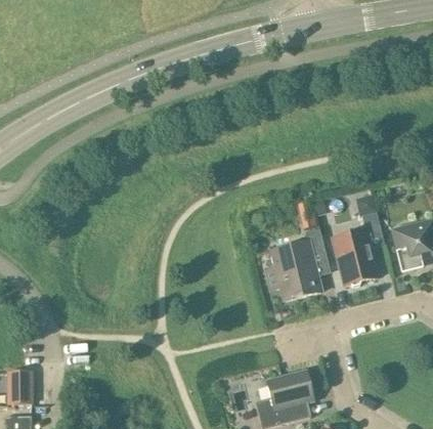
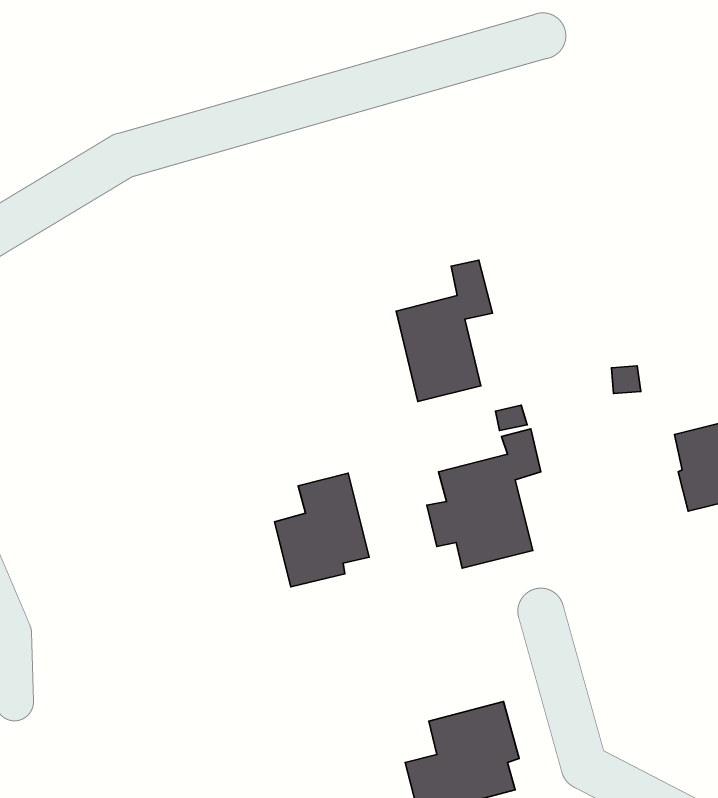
building: [333,211,383,285] -> [396,260,493,402]
building: none -> [275,473,369,587]

